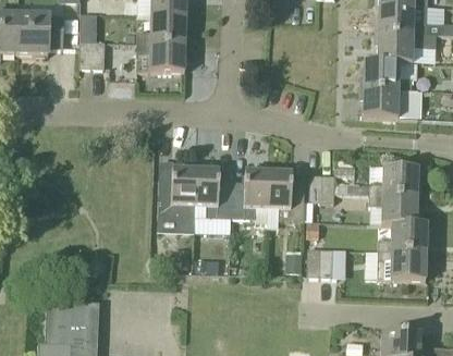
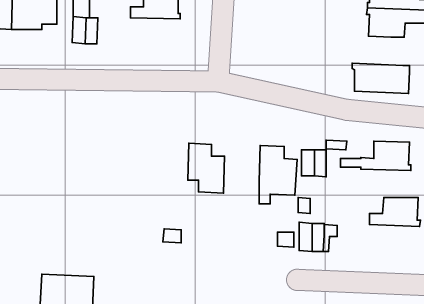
building: [136,42,187,72] -> none
building: [360,61,412,90] -> none
building: [158,168,196,224] -> none
building: [231,171,268,219] -> none
building: [369,195,419,223] -> none
building: [377,250,428,281] -> none

